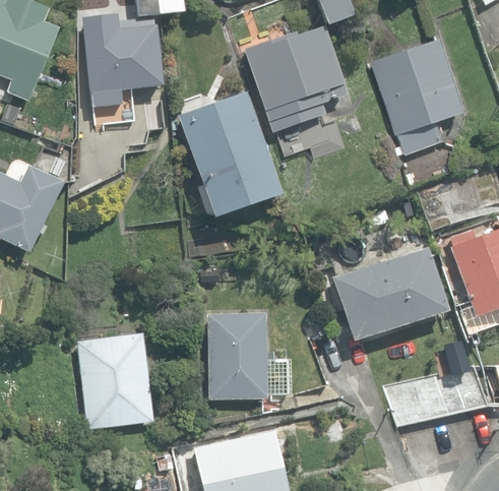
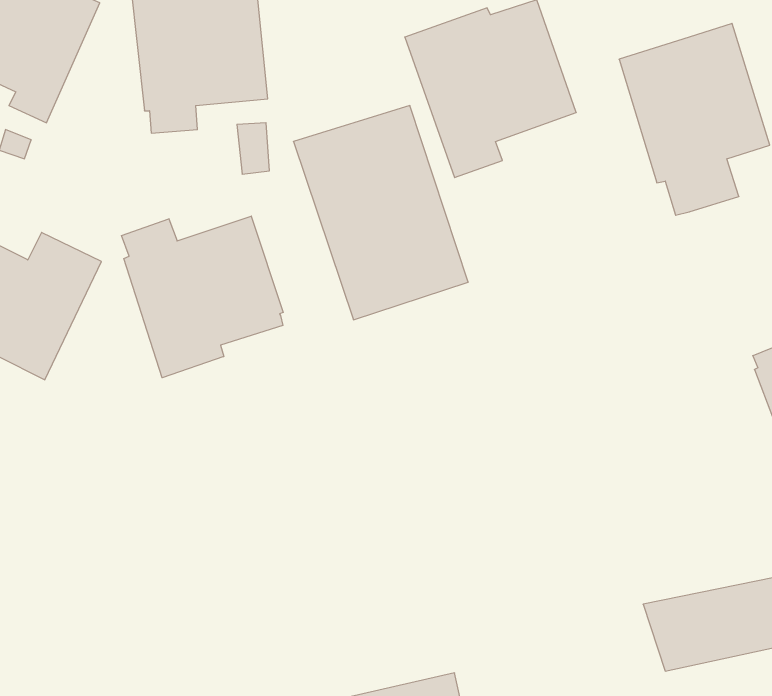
building: none -> [122,216,283,378]
building: [332,247,448,341] -> none
building: [207,313,292,400] -> none
building: [76,334,152,430] -> none

